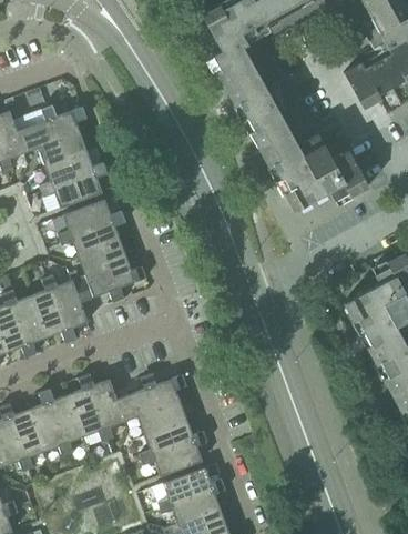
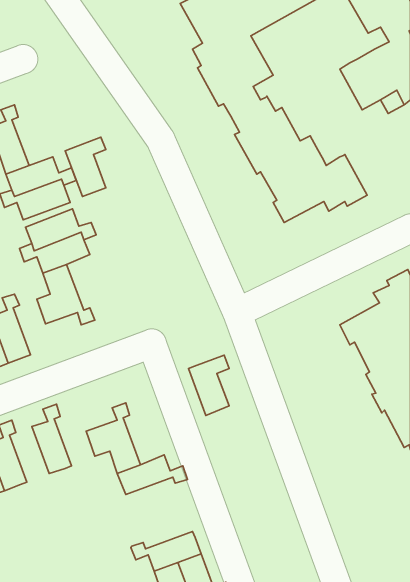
building: [50,105,86,159] -> [65,137,106,197]
building: [99,239,146,289] -> none
building: [51,279,88,342] -> none
building: [150,373,186,427] -> [188,355,229,416]
building: [88,377,124,441] -> none
building: [48,393,83,456] -> none
building: [139,439,202,475] -> none
building: [152,466,225,503] -> none

